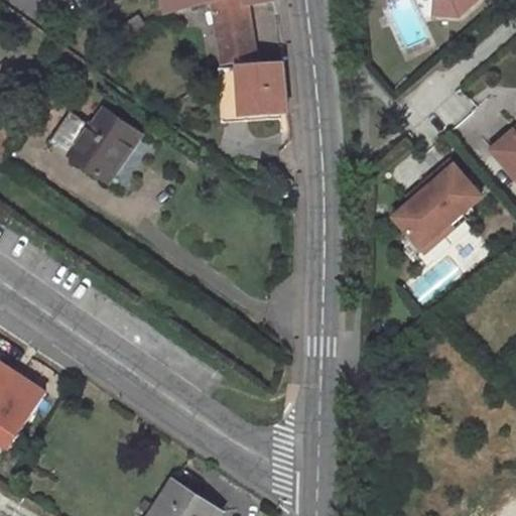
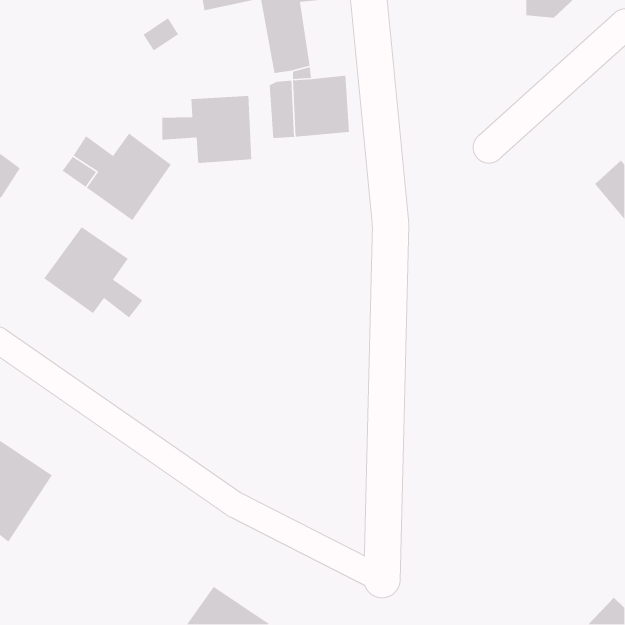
building: none -> [161,95,252,164]
building: [393,164,476,270] -> none
building: none -> [43,226,144,318]

